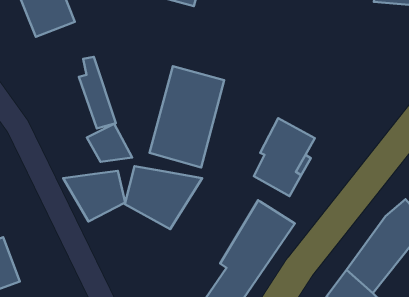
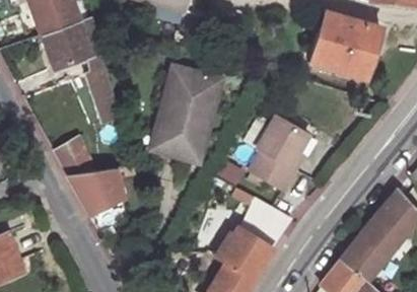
building: none -> [315,10,385,77]
building: none -> [41,19,98,68]
building: [87,124,132,162] -> [54,136,97,172]
building: [125,166,202,229] -> none

